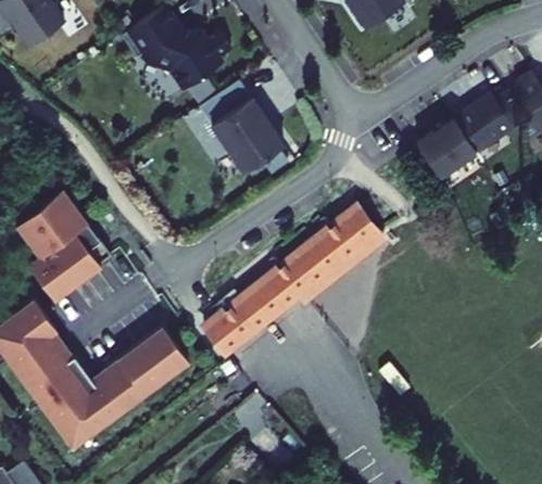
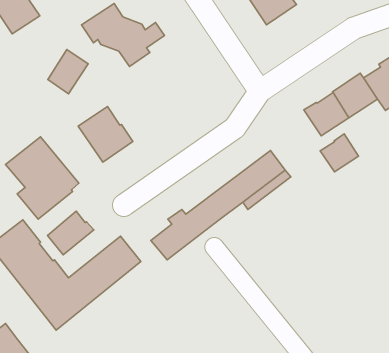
building: none -> [48,50,88,94]
building: [202,105,275,179] -> [78,107,133,162]
building: none -> [320,134,359,172]
building: none -> [47,211,94,255]

